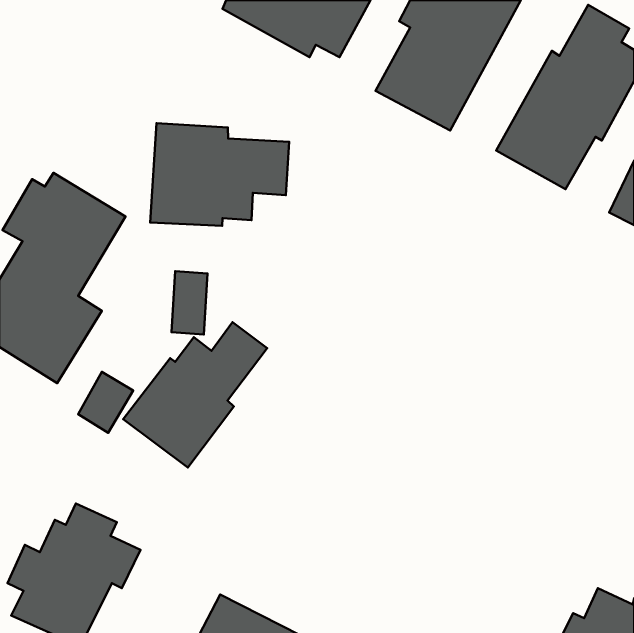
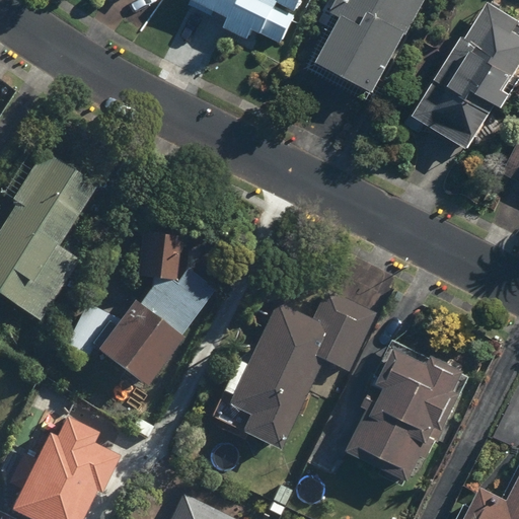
building: [150,123,289,226] -> none
building: none -> [207,288,378,444]
building: none -> [356,342,476,488]

